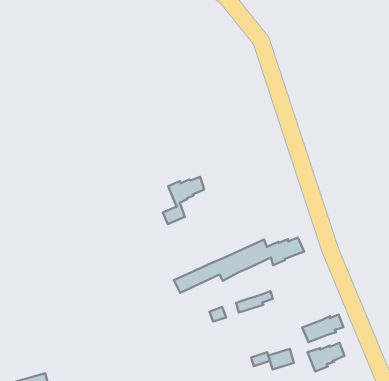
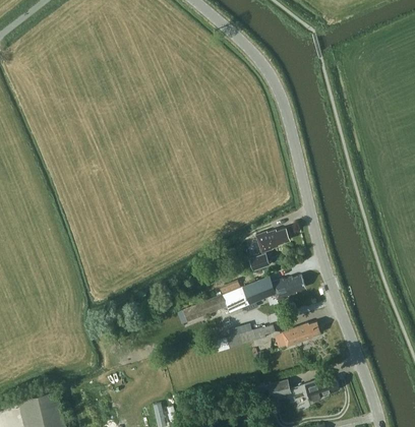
building: [163,177,204,224] -> [247,229,287,271]
building: [302,315,343,342] -> [280,322,318,347]

